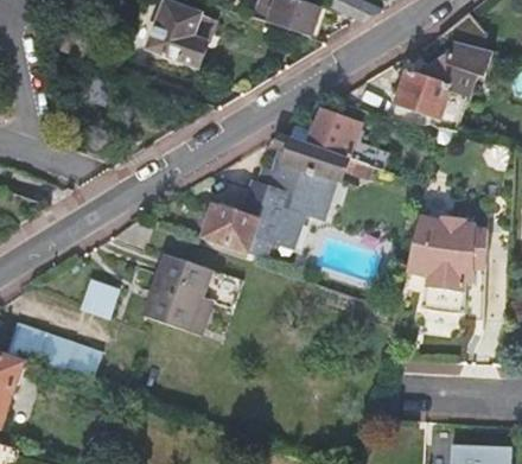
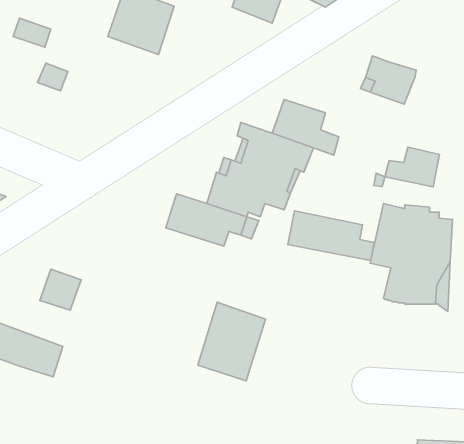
building: [422,40,491,94] -> none
building: none -> [385,147,440,187]
building: none -> [288,211,374,261]
building: [144,253,210,330] -> [198,302,266,381]

